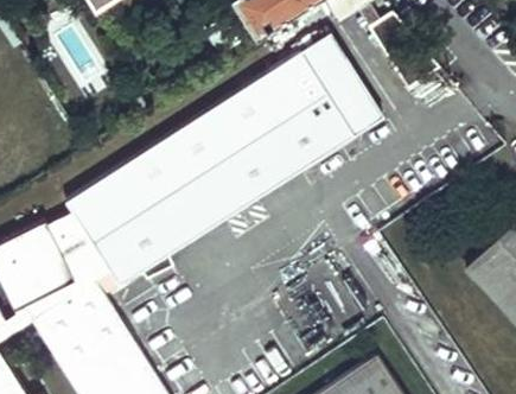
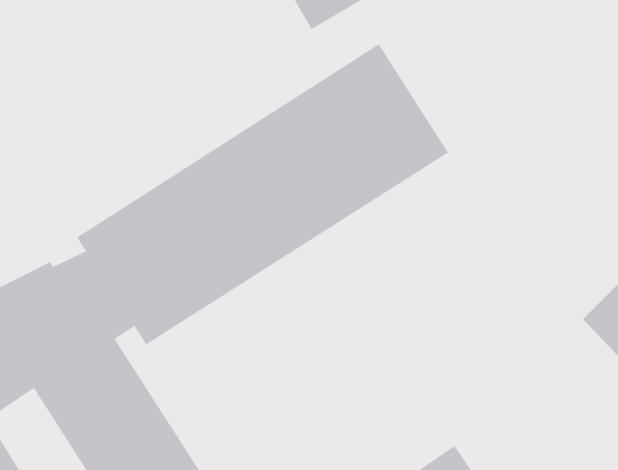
building: [302,33,384,136] -> none

